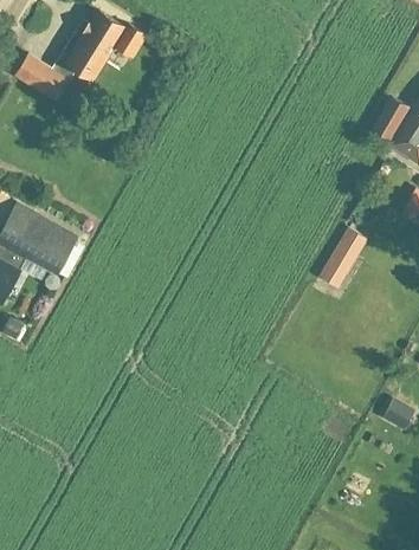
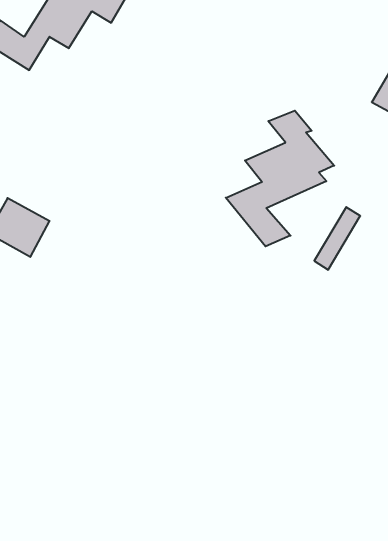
building: none -> [226,111,334,246]

